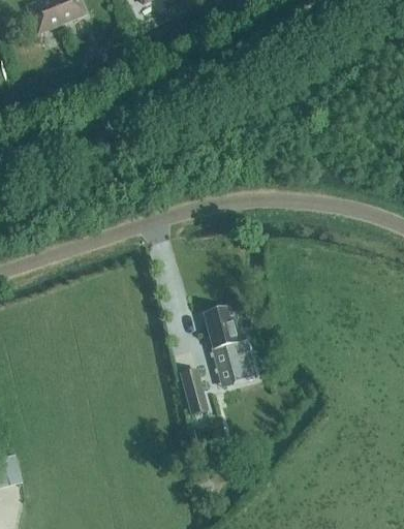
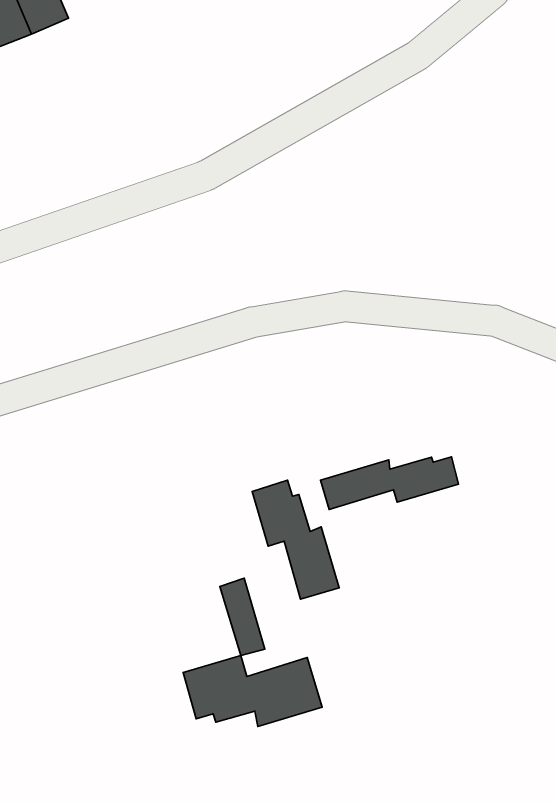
building: none -> [321,457,458,510]
building: none -> [183,656,322,727]

